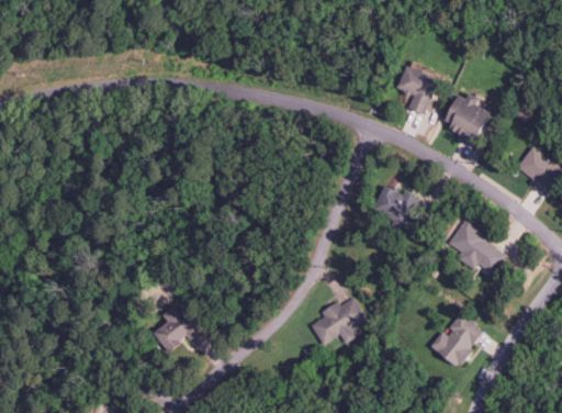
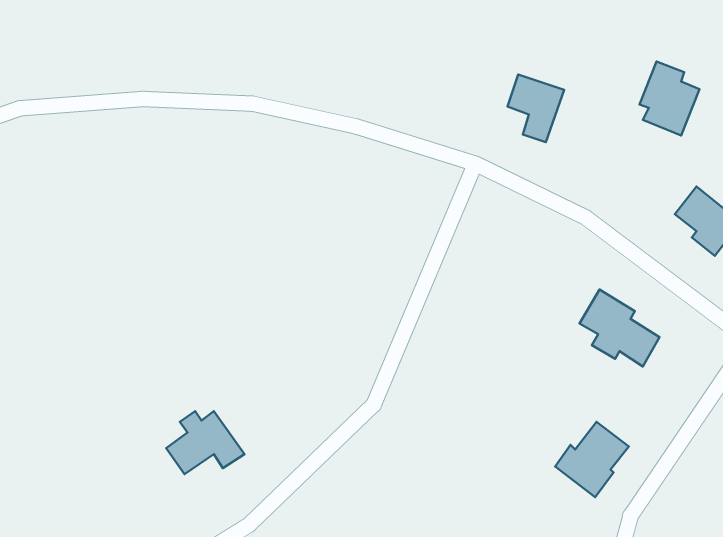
building: [445,91,487,144] -> [640,62,700,135]
building: [372,183,417,228] -> none
building: [311,297,364,344] -> none

